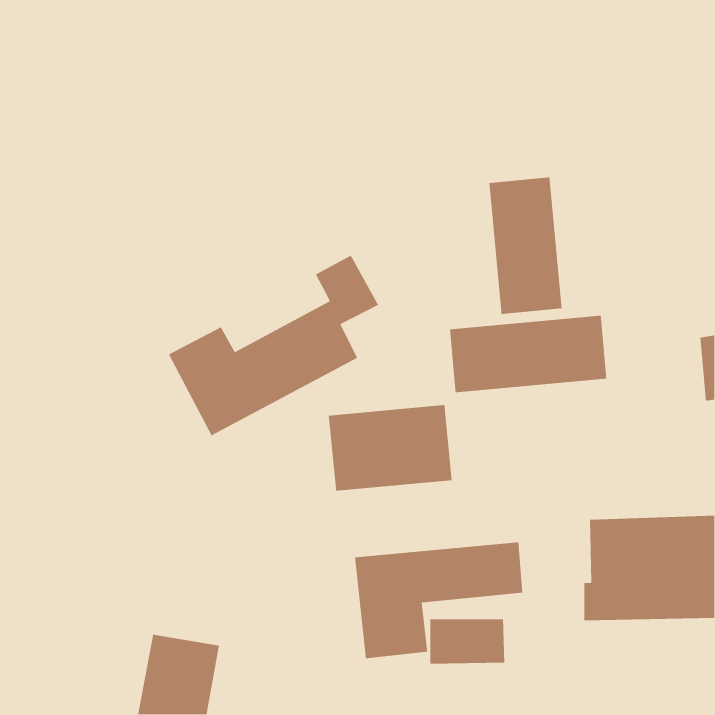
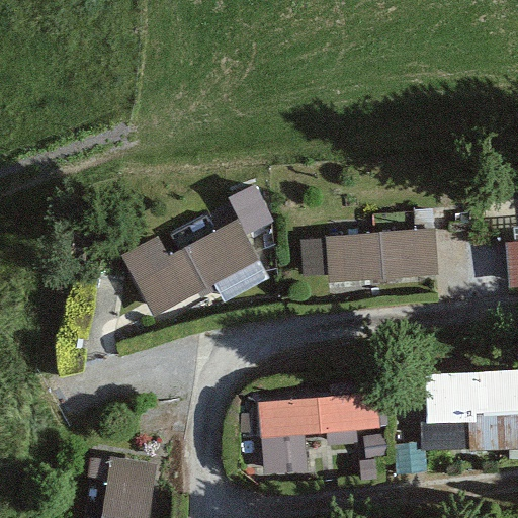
building: [489,177,562,315] -> none
building: [328,404,452,492] -> none

